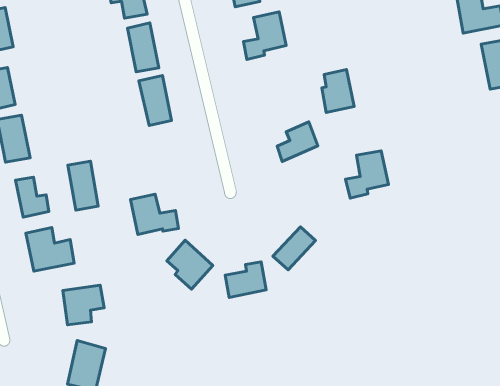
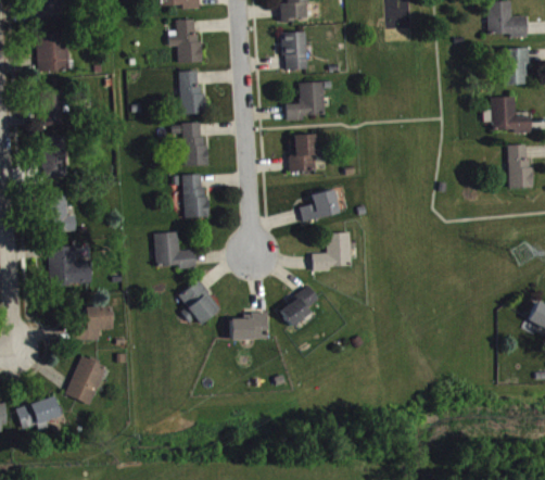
building: [322,69,354,113] -> [289,134,316,170]
building: [346,151,388,198] -> [312,232,351,271]
building: [68,161,98,210] -> [183,174,205,217]

